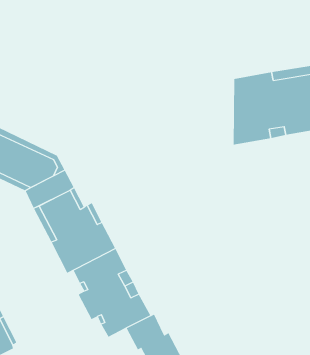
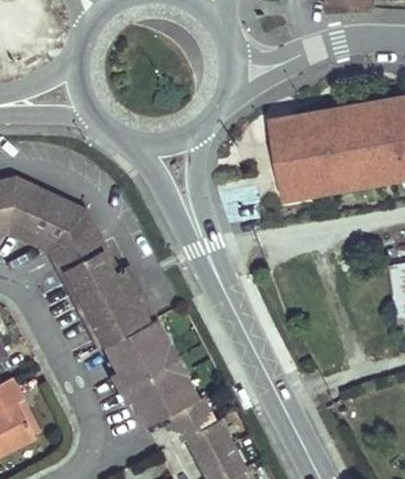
building: none -> [271,118,294,197]

